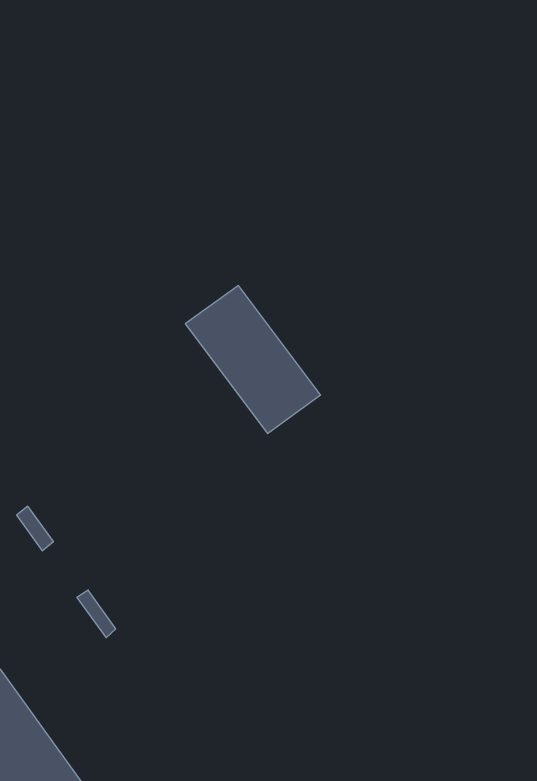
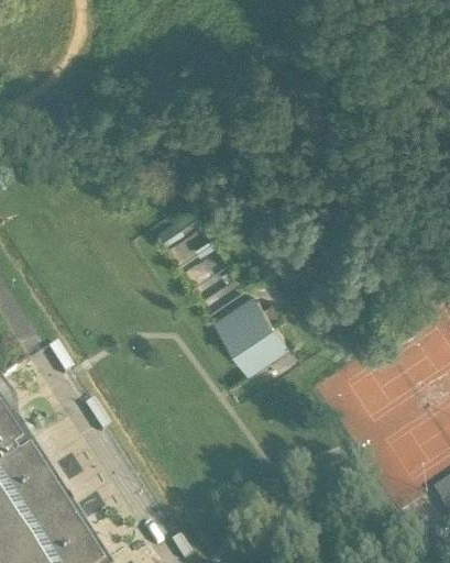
building: none -> [219,301,288,373]

